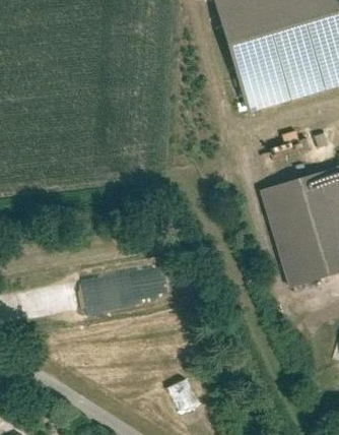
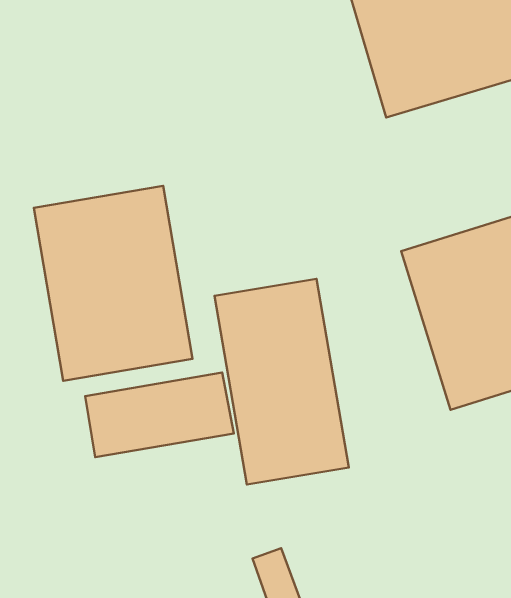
building: none -> [34,186,192,381]
building: none -> [214,279,349,485]

